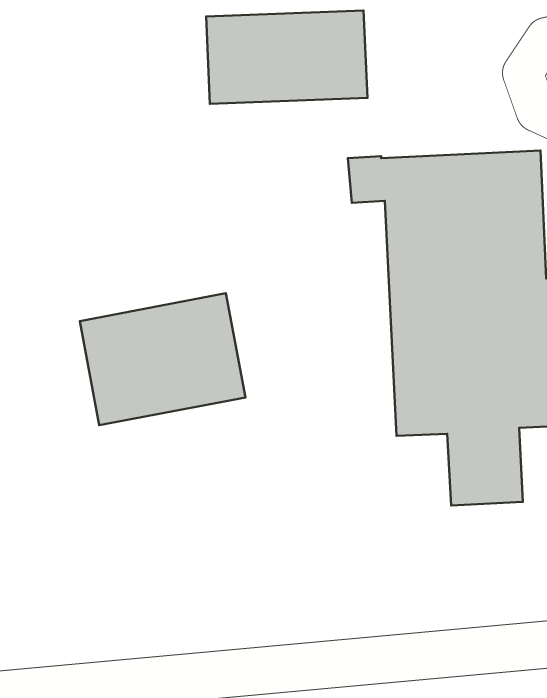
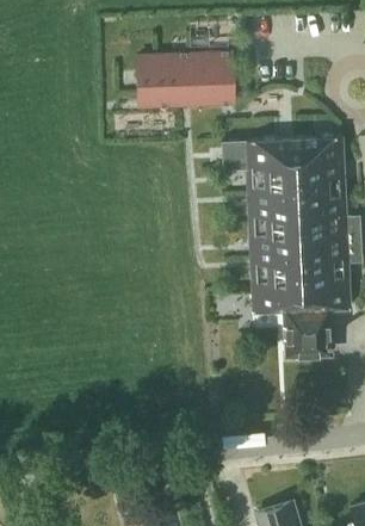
building: [80,293,245,425] -> none

